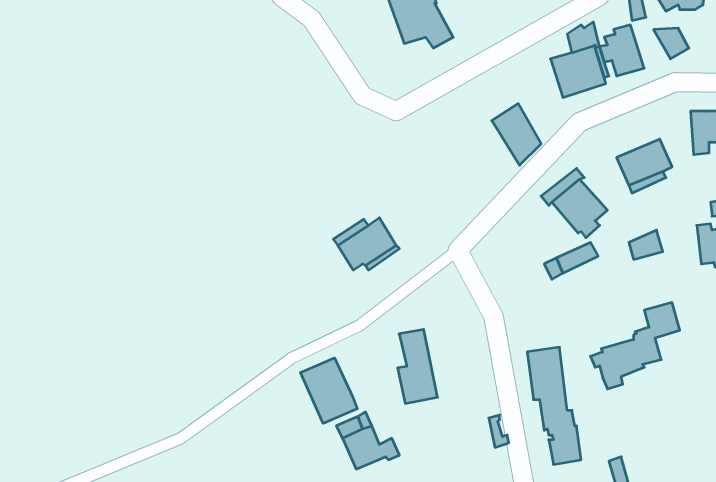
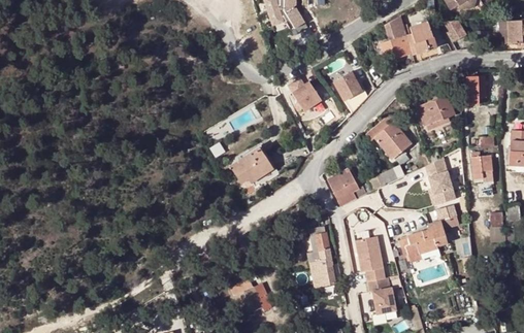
building: none -> [288,79,321,111]
building: none -> [326,168,365,205]
building: none -> [428,171,455,205]
building: [398,329,438,403] -> [307,228,334,277]
building: [300,358,357,423] -> none

